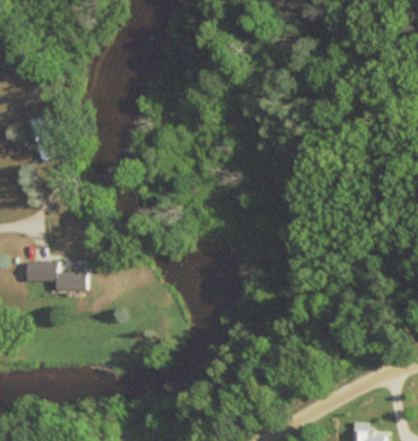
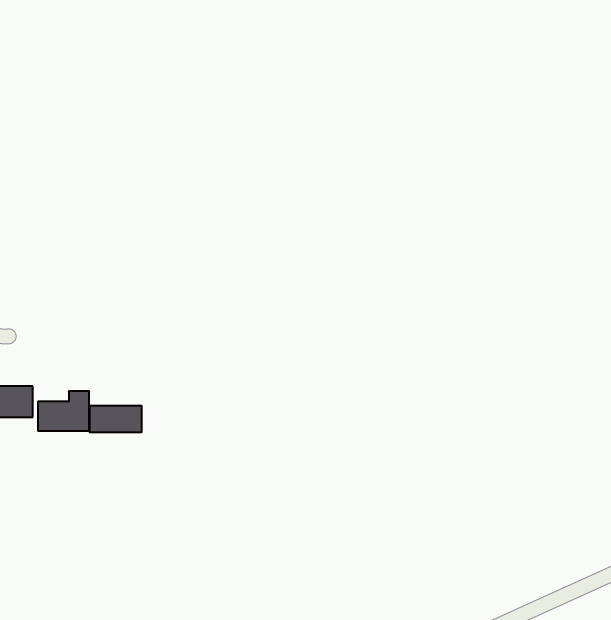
building: none -> [90,406,141,432]

